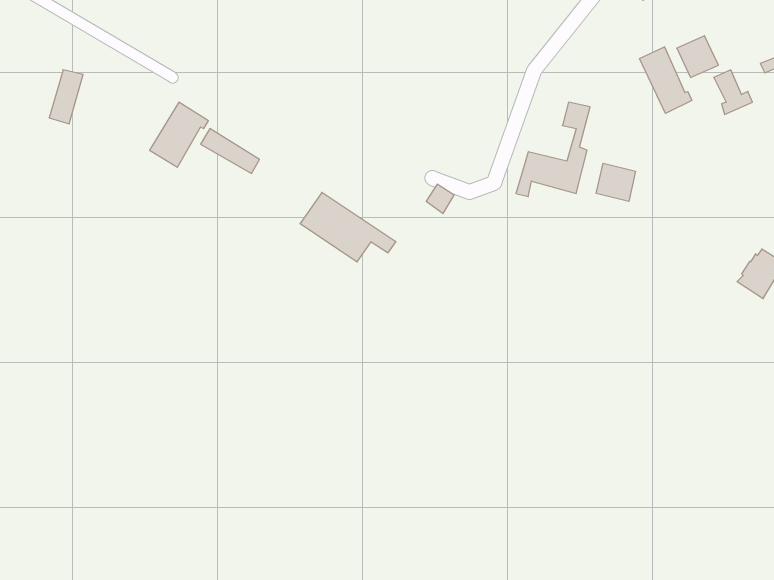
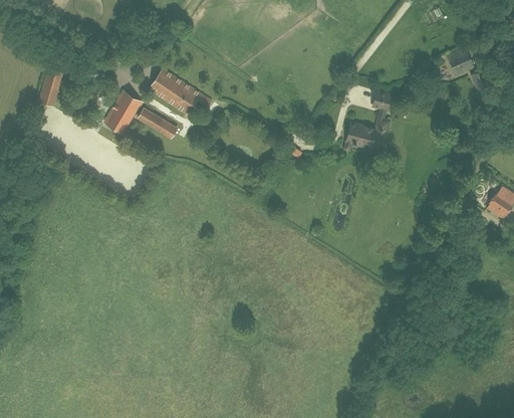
building: [639,47,692,113] -> none
building: [596,163,635,201] -> none
building: [300,192,396,262] -> [149,68,211,114]

